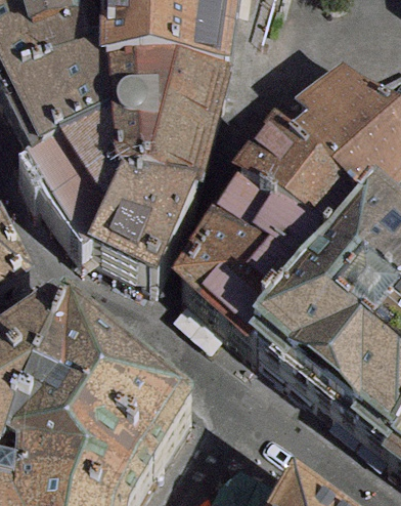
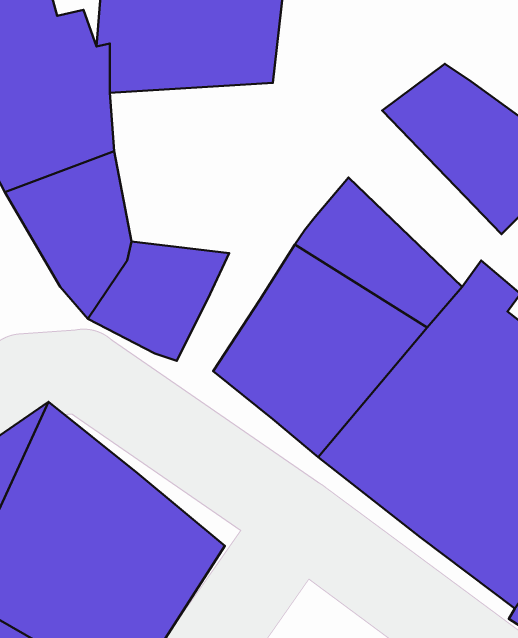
building: [110,91,225,211] -> none
building: [265,111,386,235] -> none

